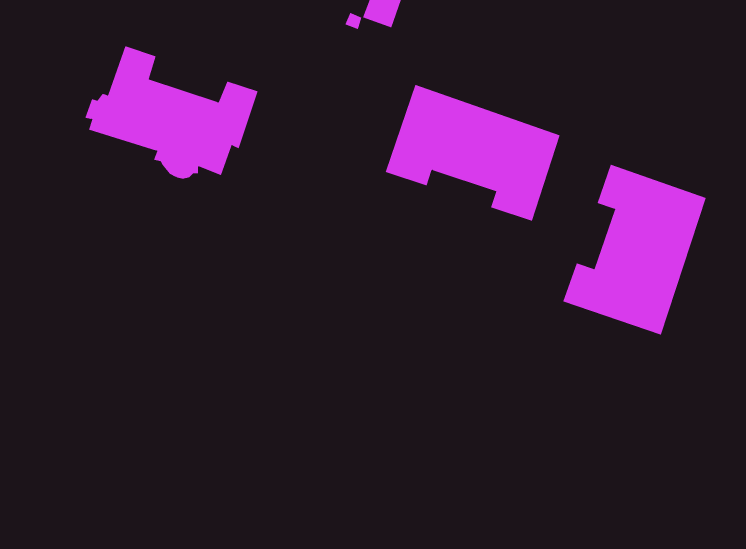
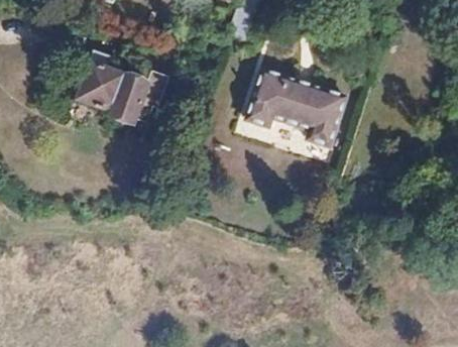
building: [563,164,706,335] -> none

